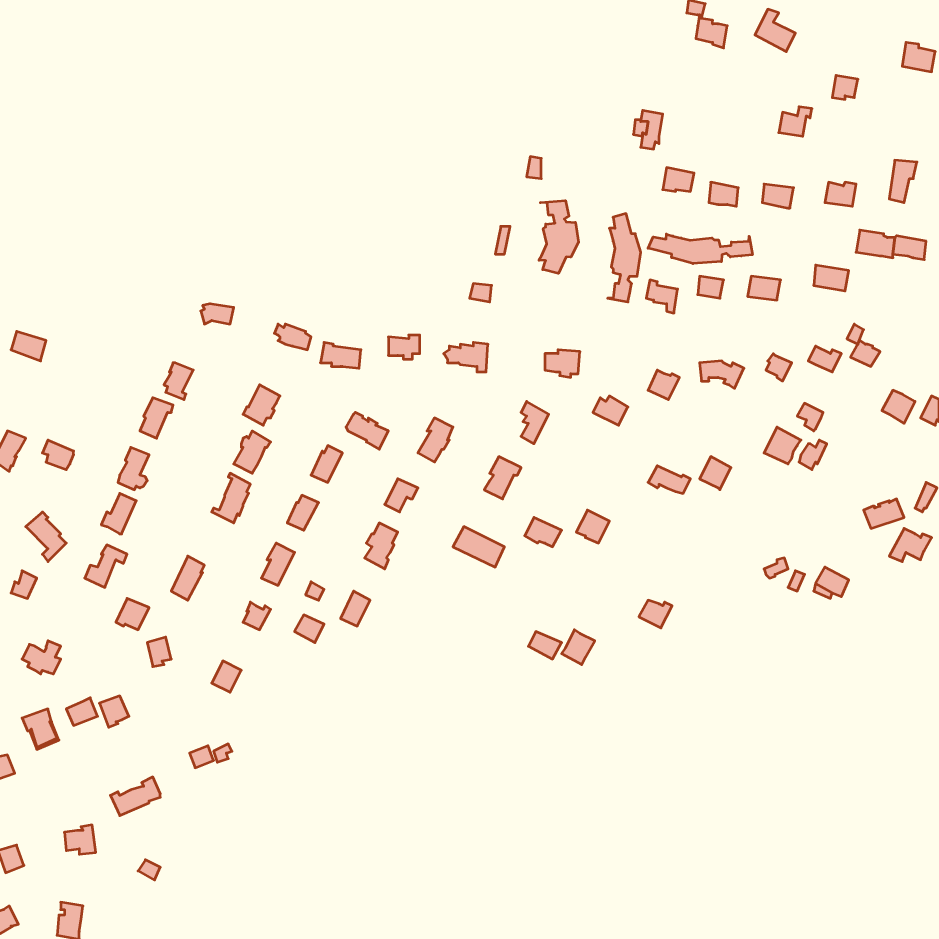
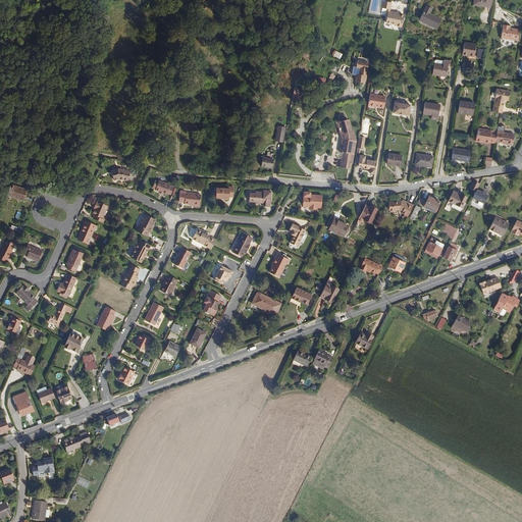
building: [539,201,579,273] -> none
building: [648,234,752,264] -> none

